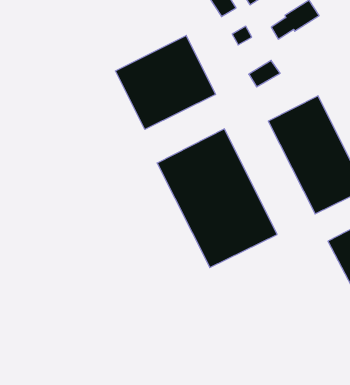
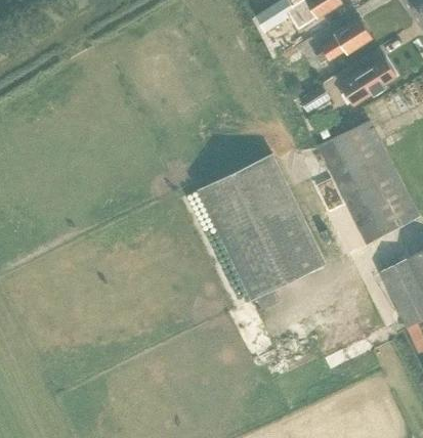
building: [115,35,215,129] -> none
building: none -> [340,59,396,106]

